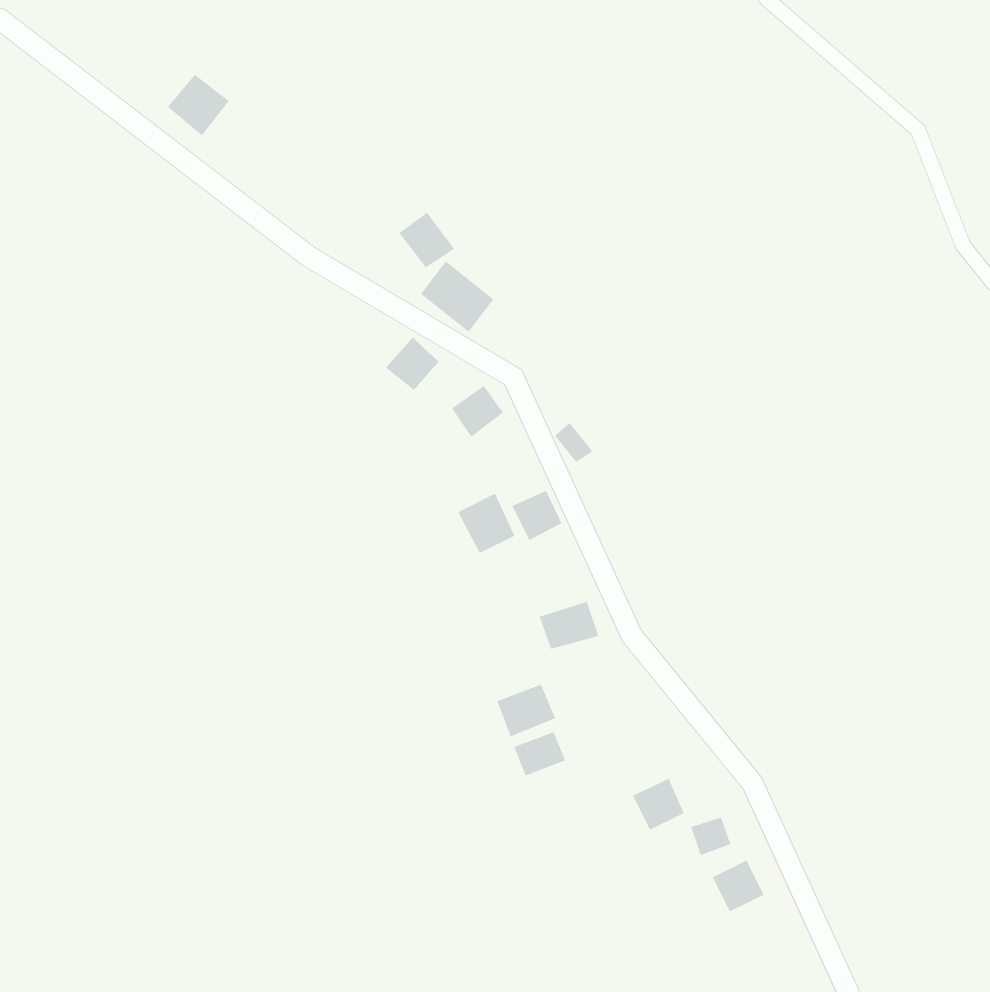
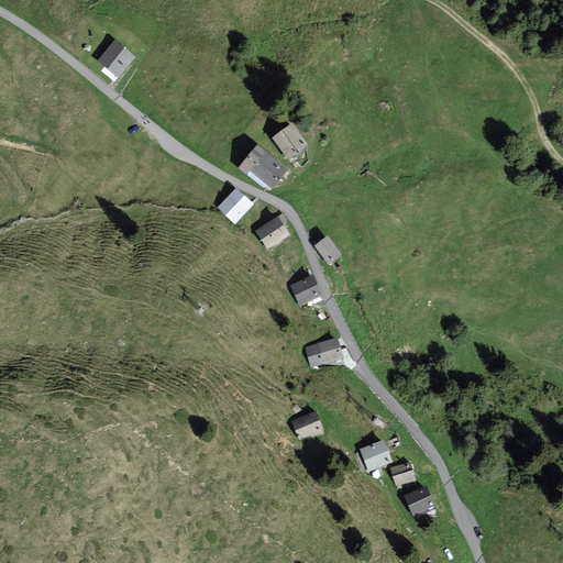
building: [398,212,455,268] -> [272,124,303,156]
building: [457,493,515,554] -> none
building: [496,684,556,737] -> none

